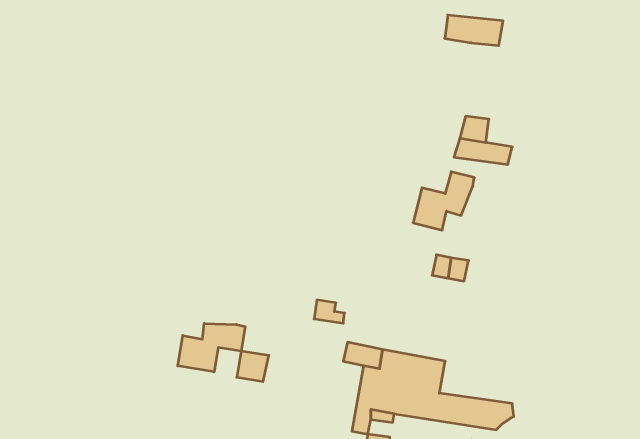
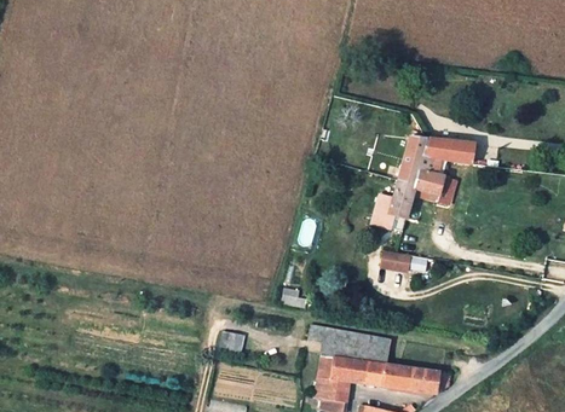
building: [445,15,503,46] -> [426,138,474,163]
building: none -> [397,169,444,201]
building: [178,323,245,372] -> none

